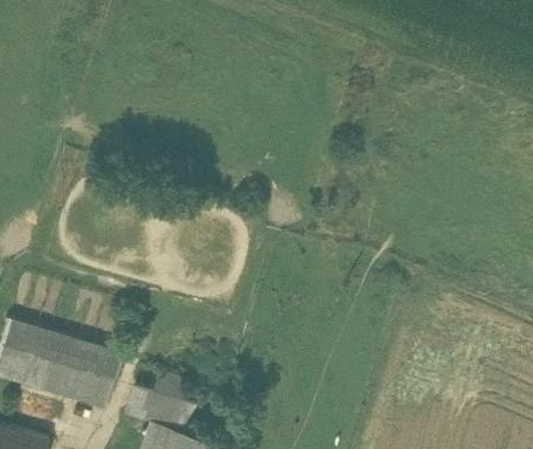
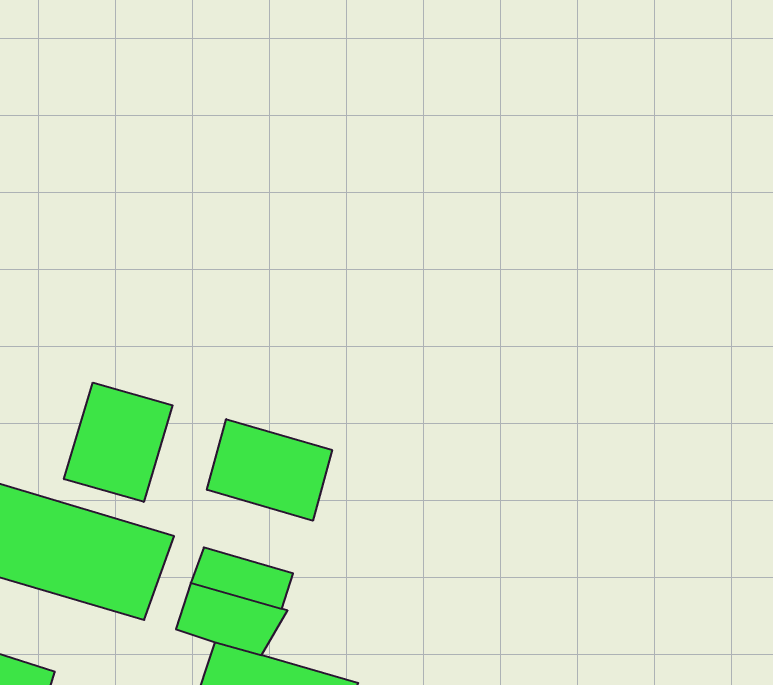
building: none -> [64,383,173,502]
building: none -> [207,419,332,521]

